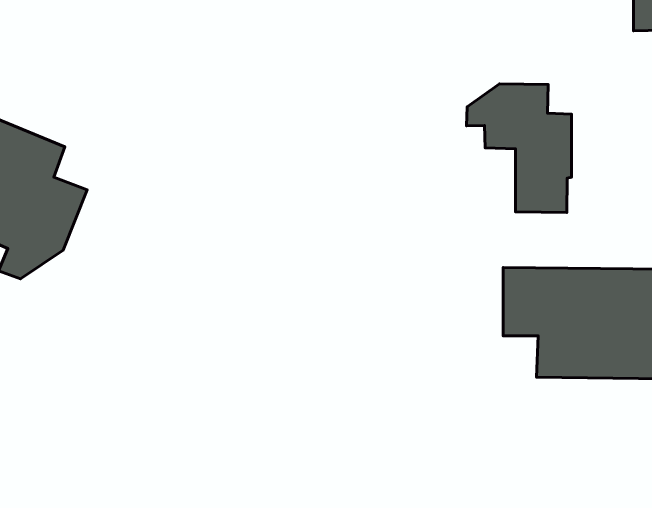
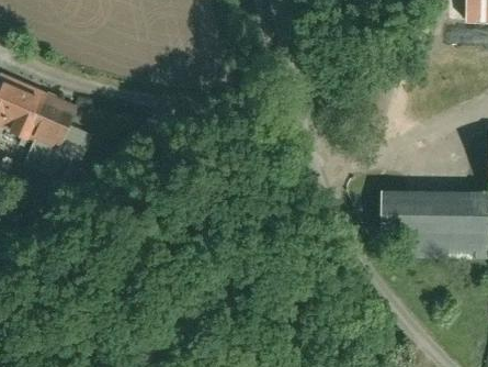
building: [466,84,571,212] -> none

